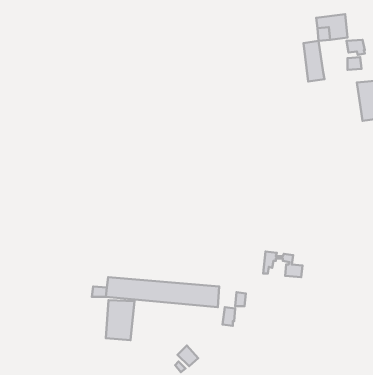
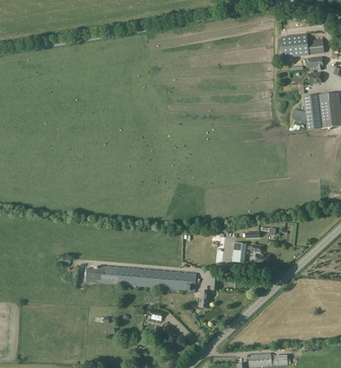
building: [304,41,324,81] -> [303,93,322,129]
building: [106,300,134,340] -> none

